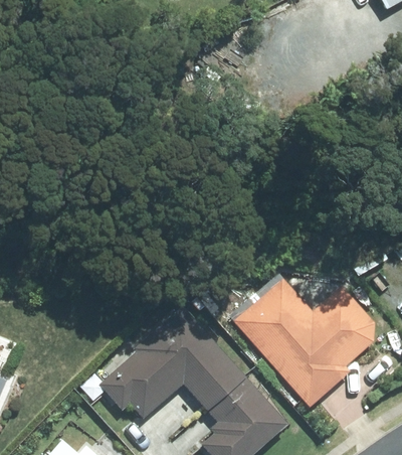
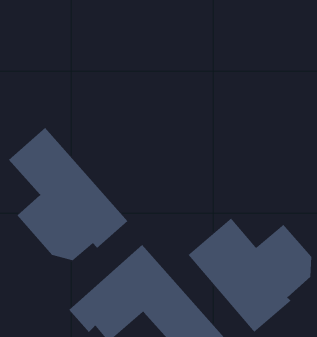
building: none -> [8,127,128,261]

